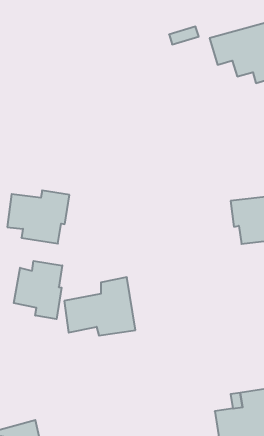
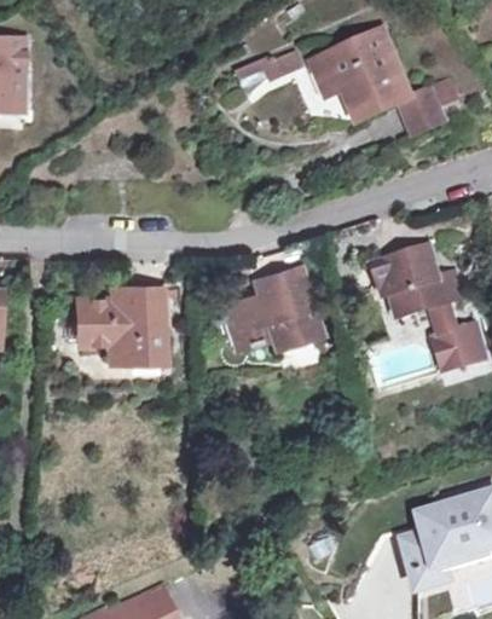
building: [14,261,62,319] -> none
building: [64,277,135,336] -> [224,268,322,352]

